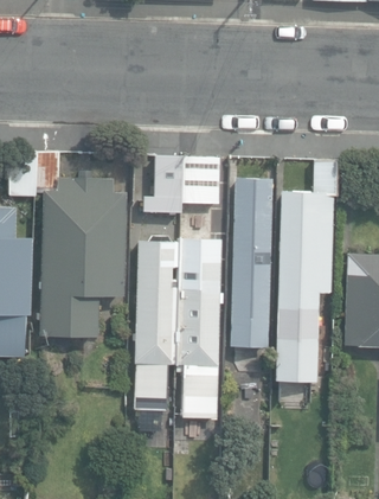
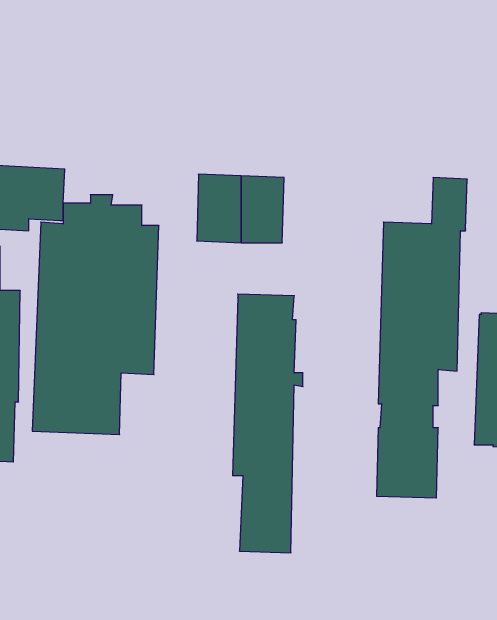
building: [230,179,272,325] -> none
building: [135,237,180,411] -> none

